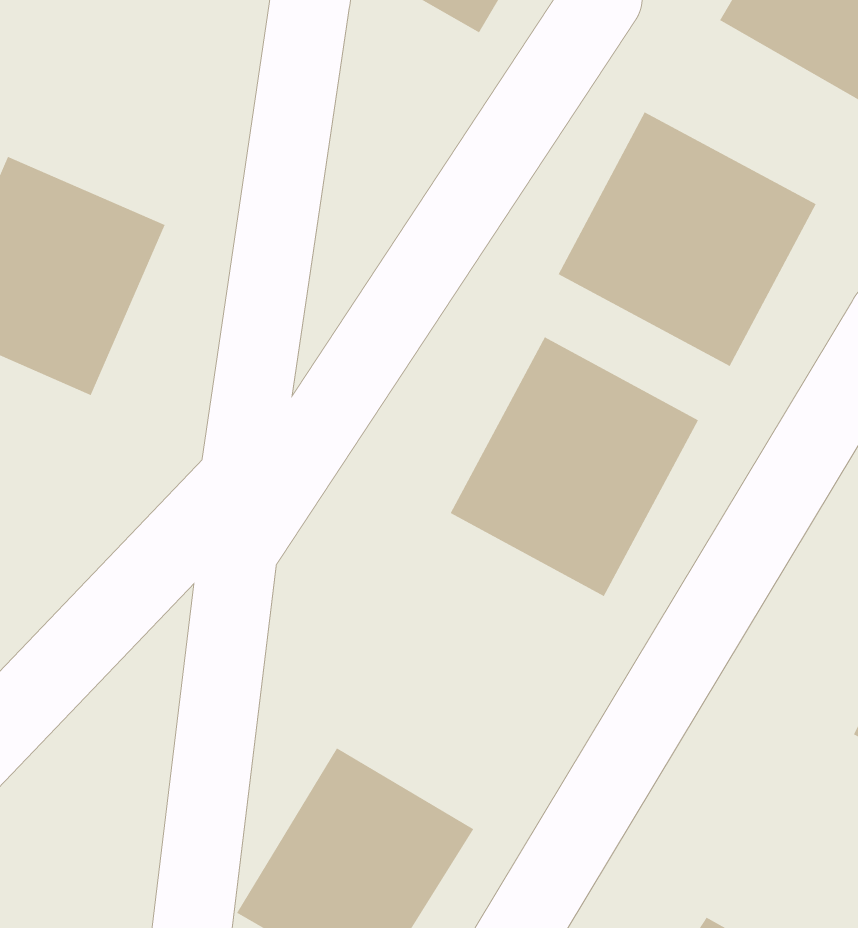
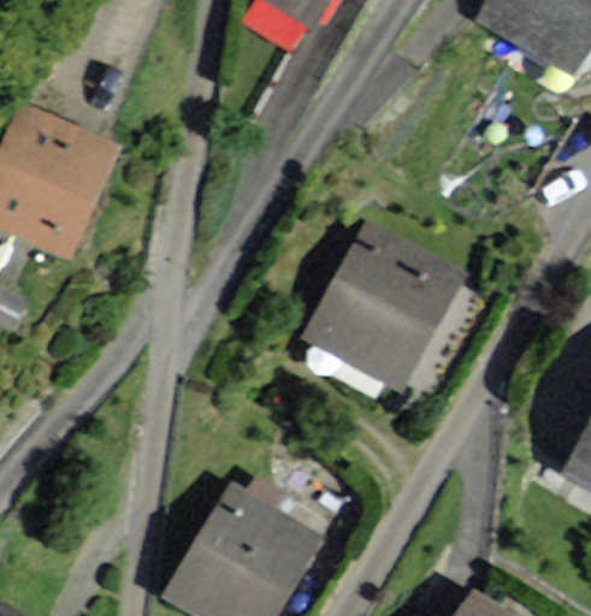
building: [558,111,816,367] -> none

